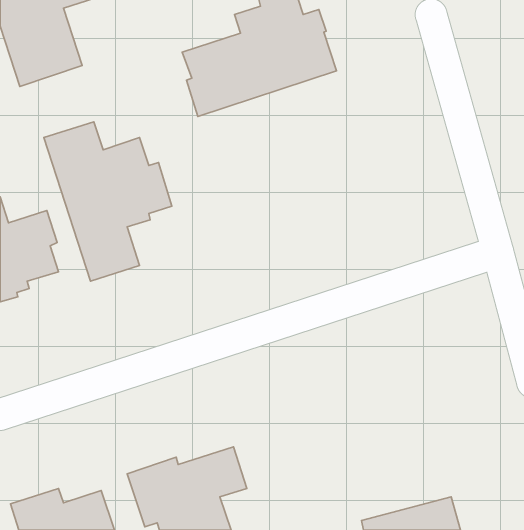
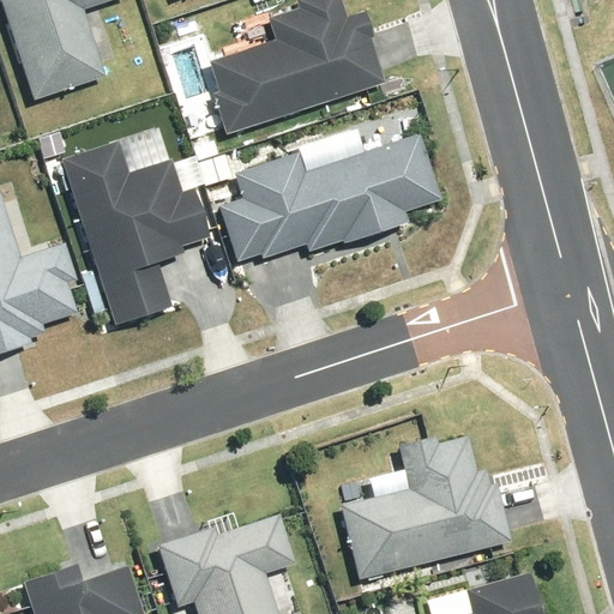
building: none -> [218,130,440,261]
building: none -> [339,435,512,578]

